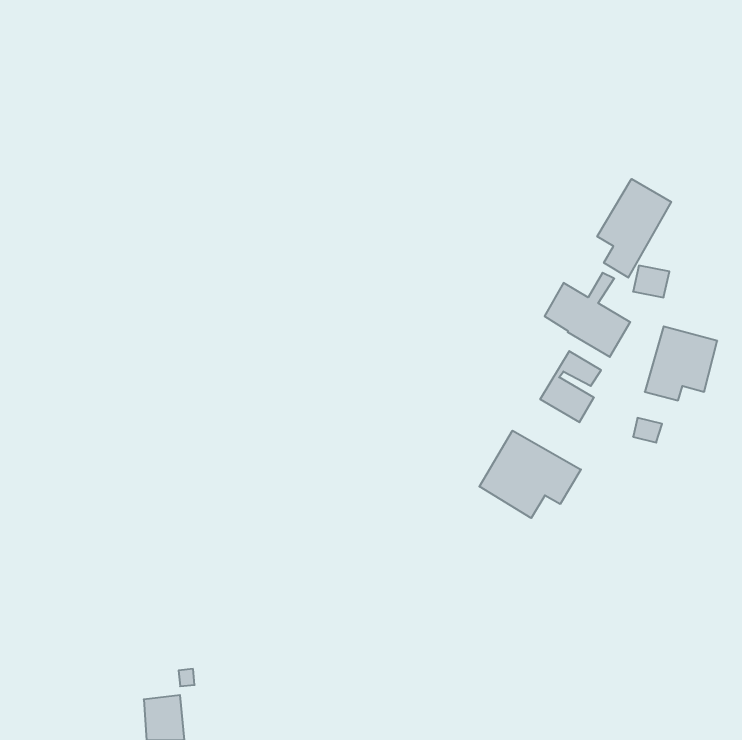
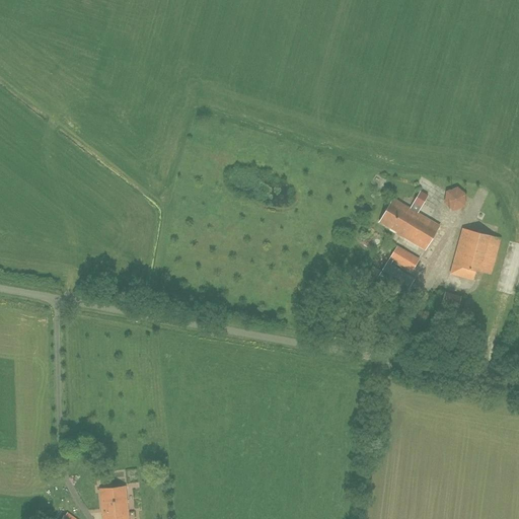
building: [597,179,671,278] -> none
building: [479,431,581,518] -> none

